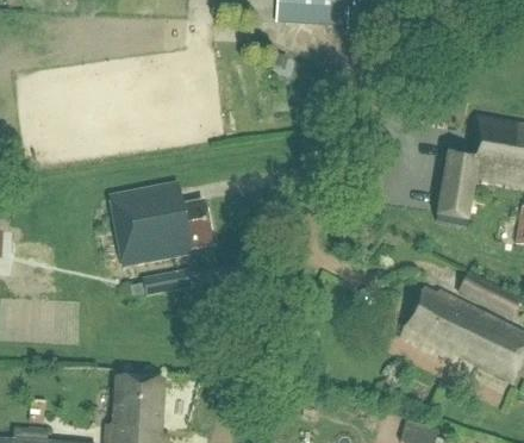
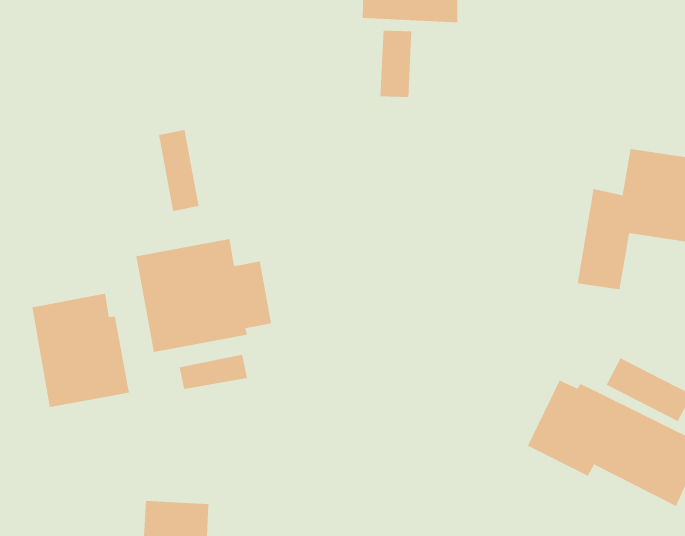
building: none -> [380,30,412,98]
building: none -> [159,129,199,212]
building: none -> [32,293,129,408]

